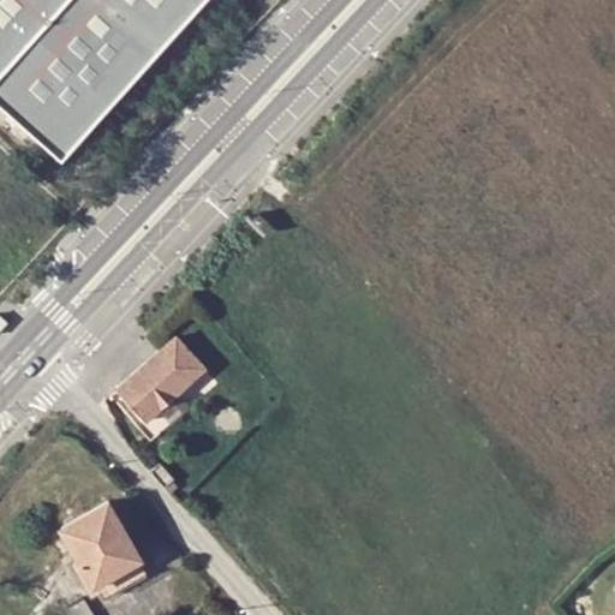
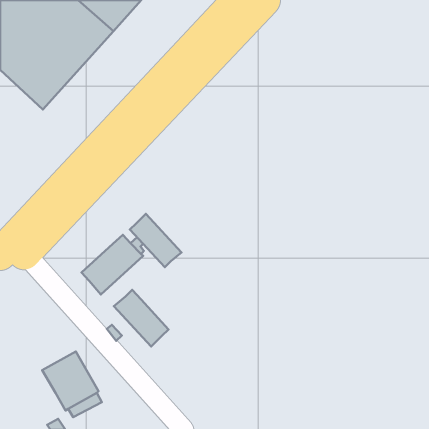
building: none -> [130,214,182,267]
building: none -> [114,290,169,346]

